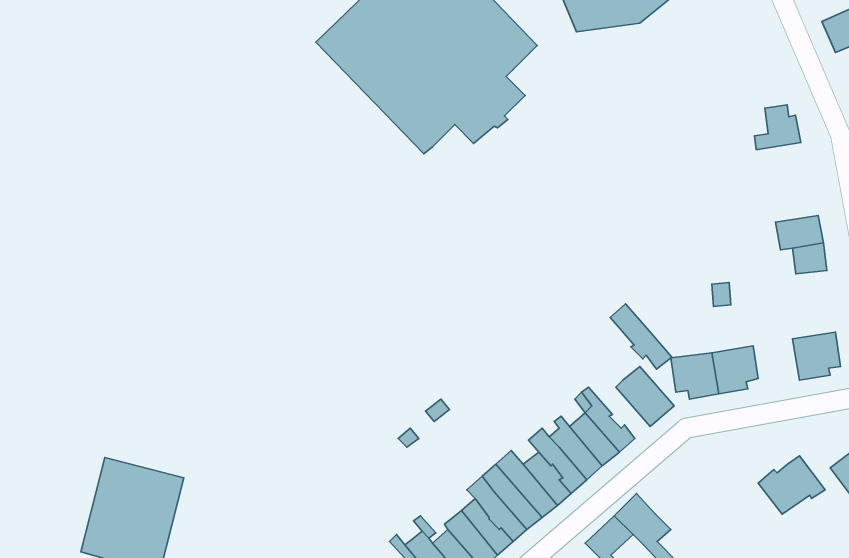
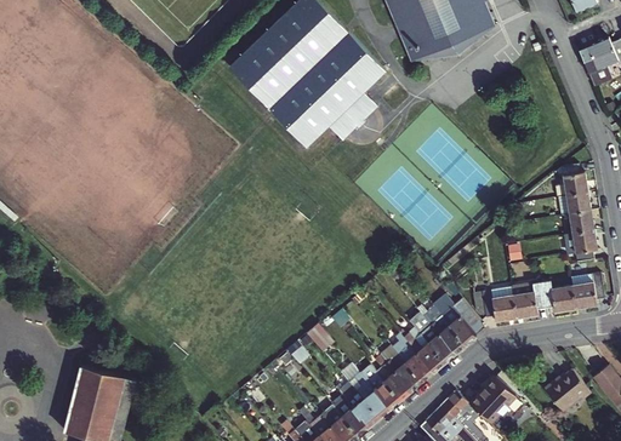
building: [754,105,801,149] -> [552,167,585,199]
building: none -> [569,233,594,265]
building: [610,304,672,369] -> [422,305,466,351]
building: none -> [539,285,571,314]
building: none -> [469,379,515,424]

